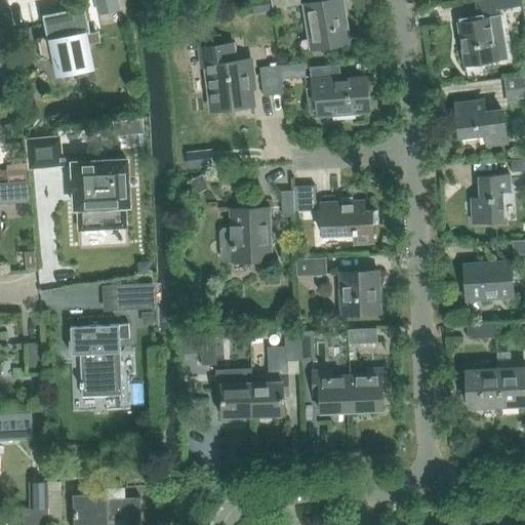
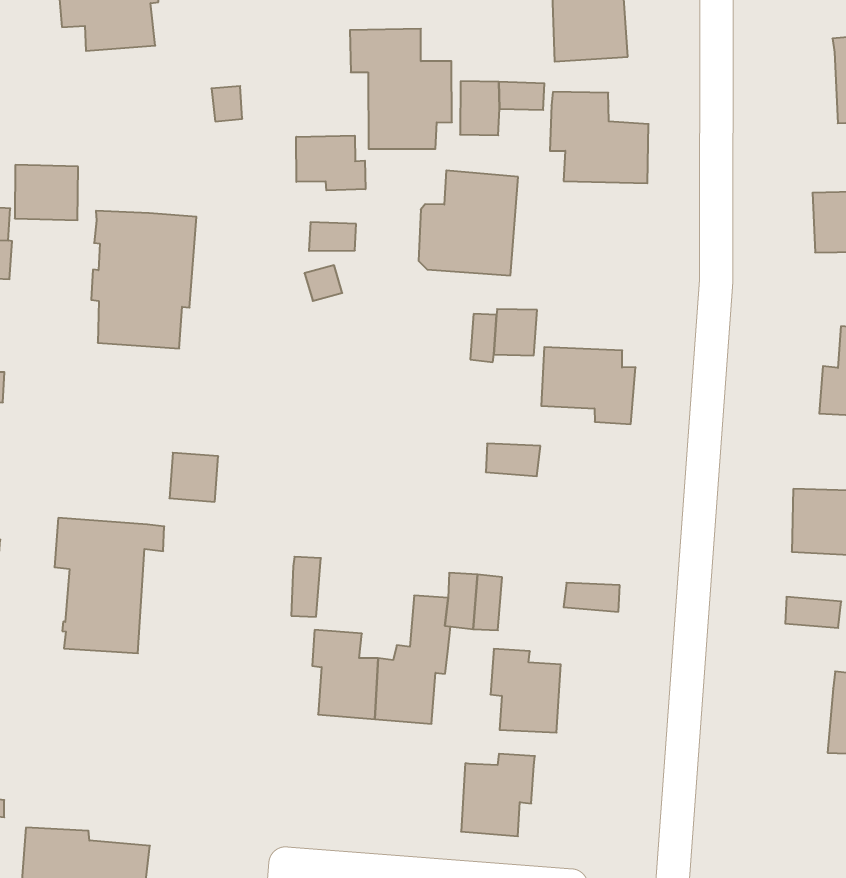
building: none -> [296,136,365,190]
building: [218,208,271,264] -> [419,170,518,275]
building: [338,272,380,314] -> none
building: [458,364,498,406] -> none
building: [350,366,388,411] -> [461,754,535,836]

